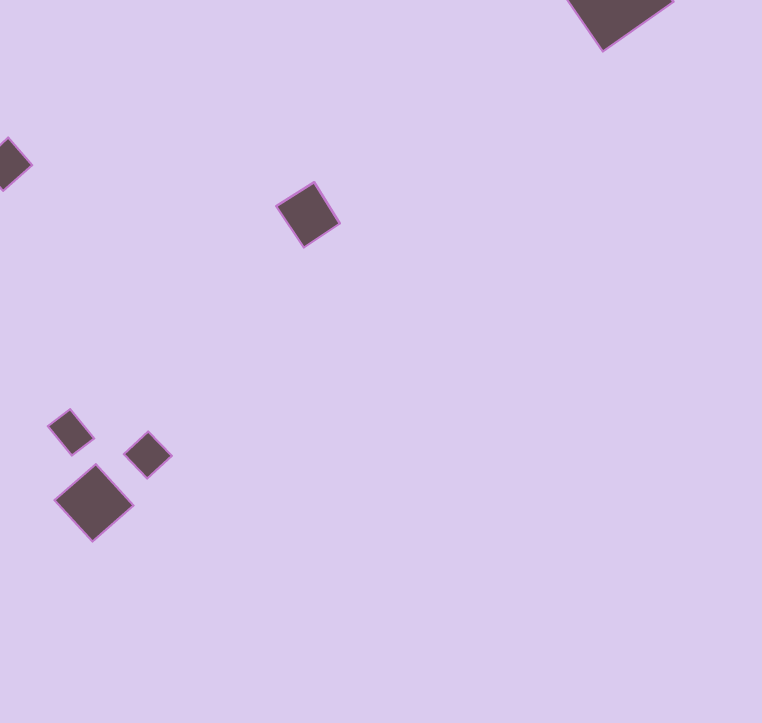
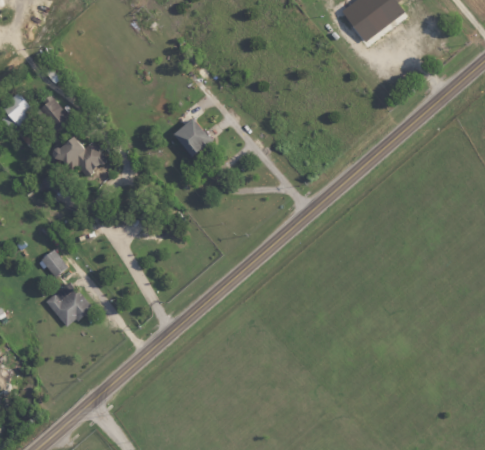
building: none -> [39,98,69,129]
building: none -> [54,136,105,173]
building: [124,431,172,478] -> none

